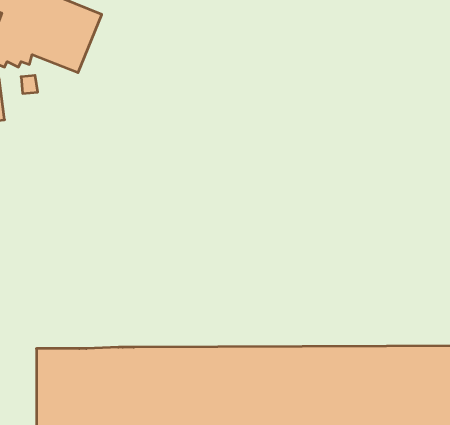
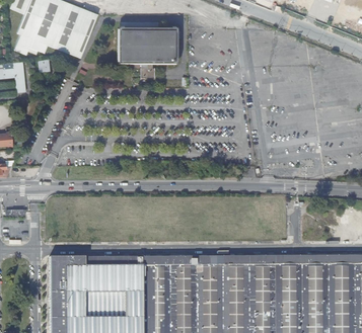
building: none -> [121,28,174,80]

